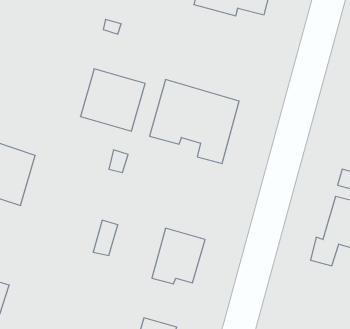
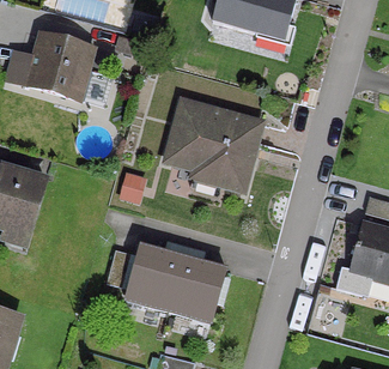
building: [80,69,145,131] -> [25,34,93,99]
building: none -> [128,247,182,310]

